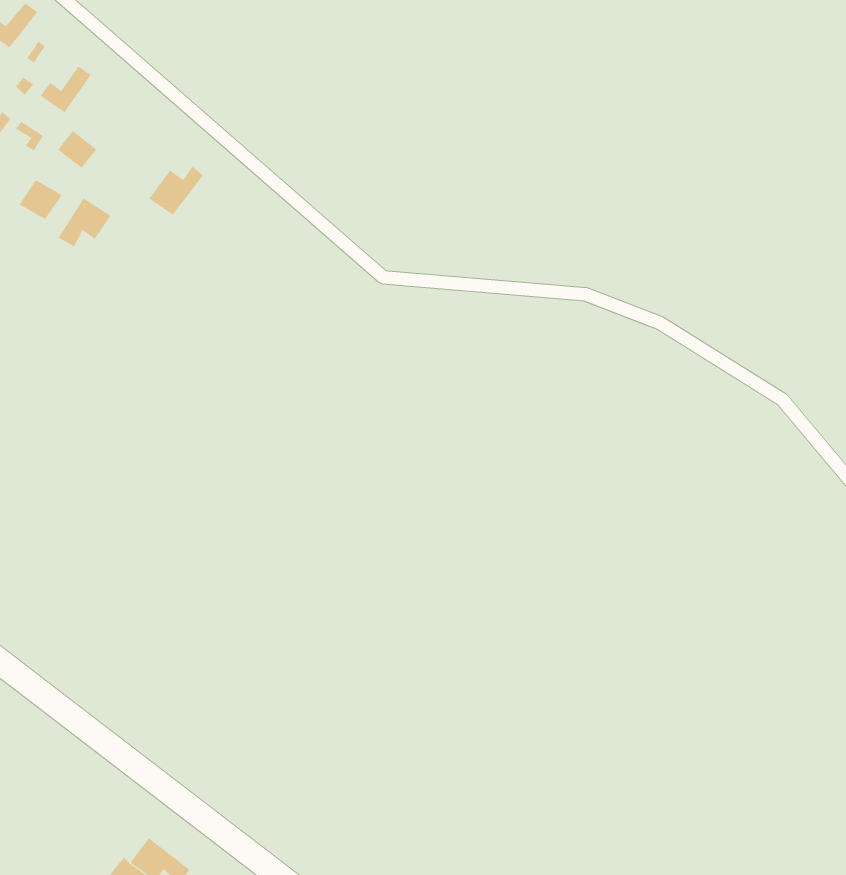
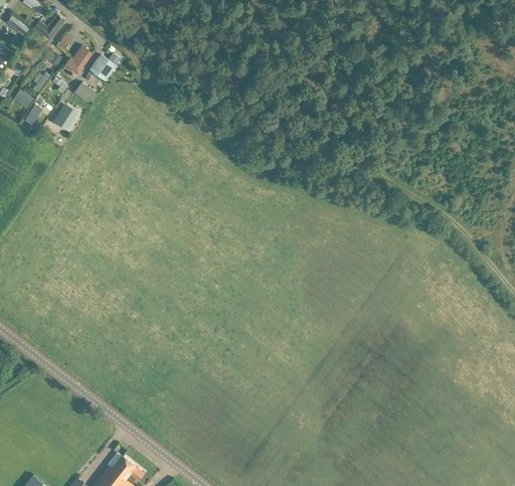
building: [148,166,204,216] -> [90,53,119,79]
building: [58,198,112,247] -> none

